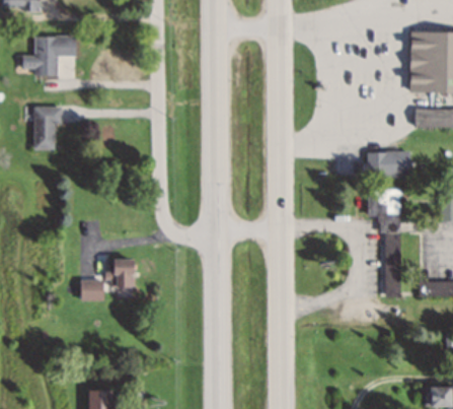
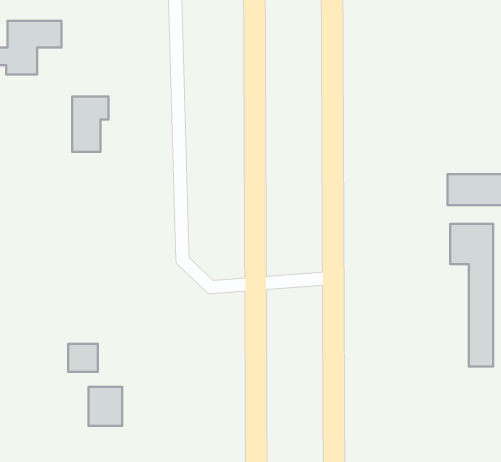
building: [34,108,62,149] -> [72,97,109,152]
building: [109,259,135,288] -> [89,387,122,426]

